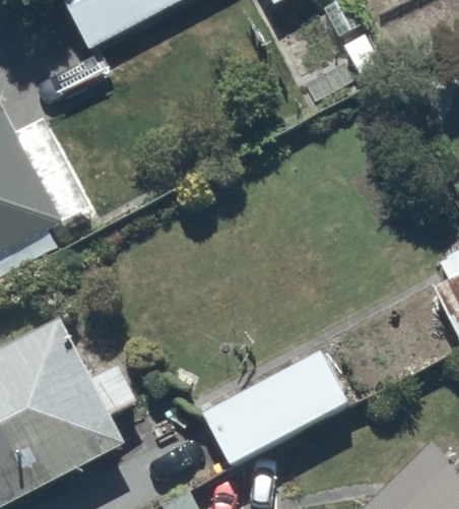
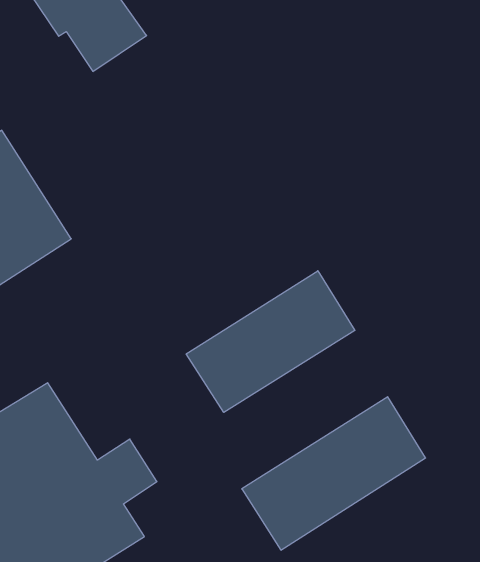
building: none -> [186,271,355,412]

